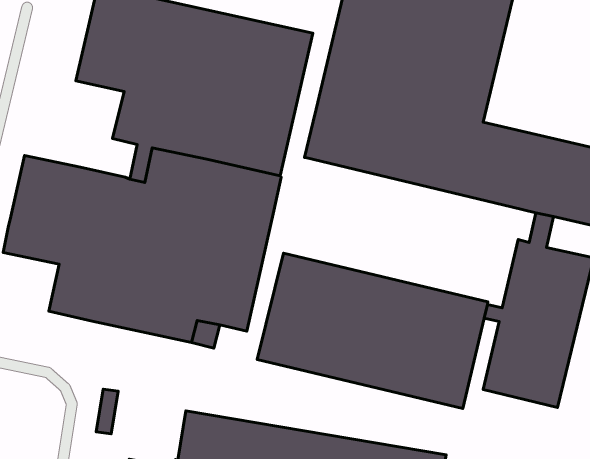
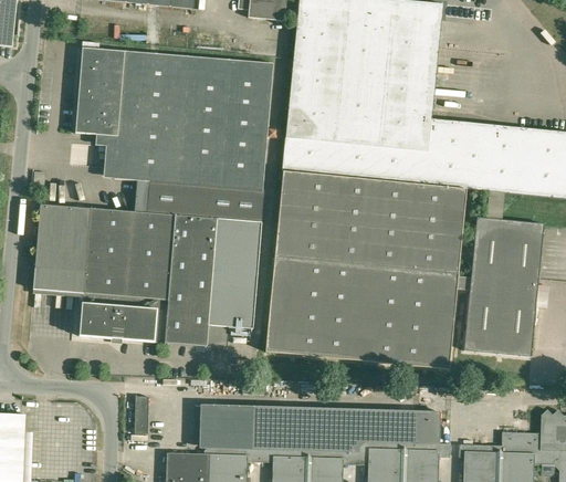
building: none -> [275,171,467,274]

